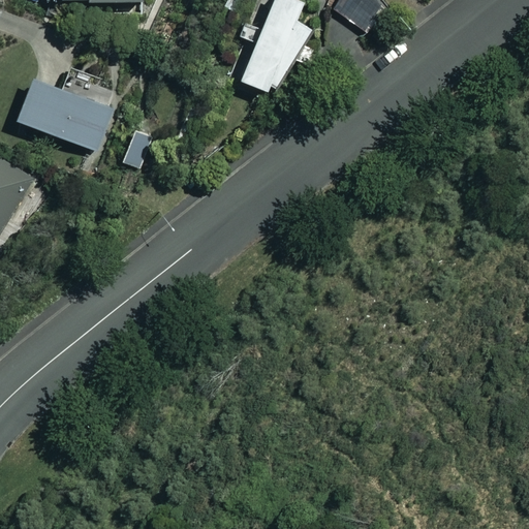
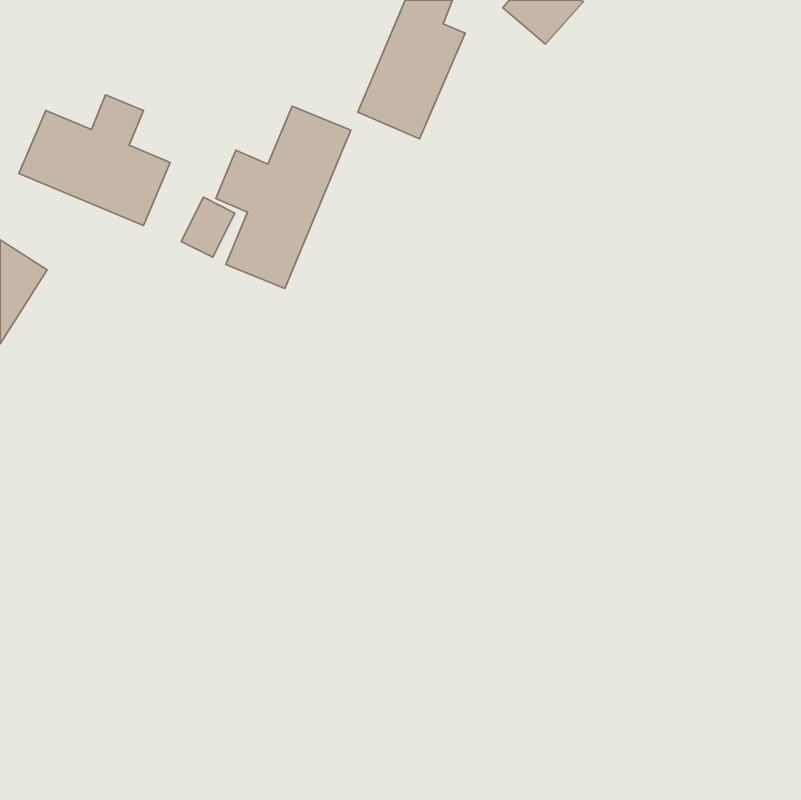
building: none -> [216,106,351,288]

